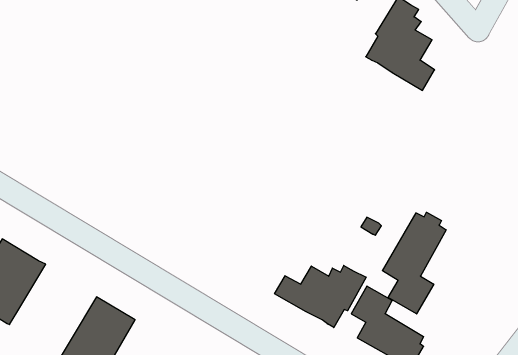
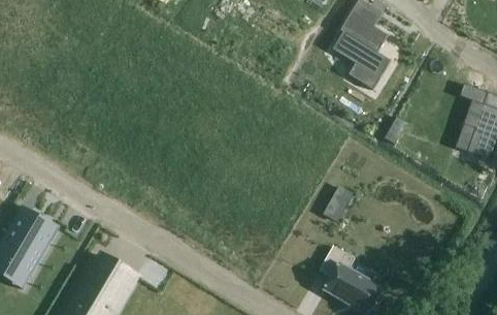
building: [382,212,446,314] -> none
building: [275,265,366,328] -> none

